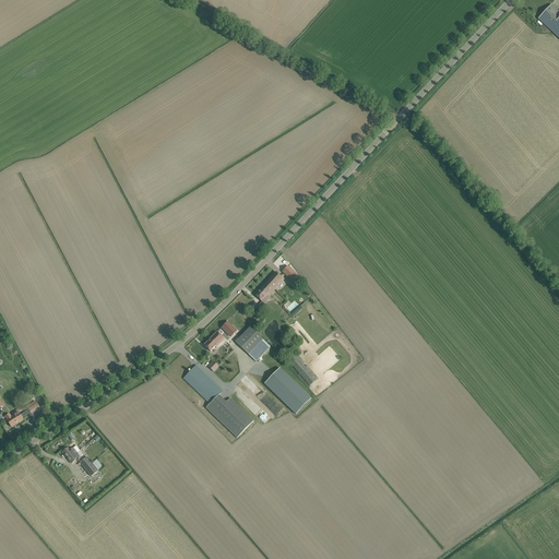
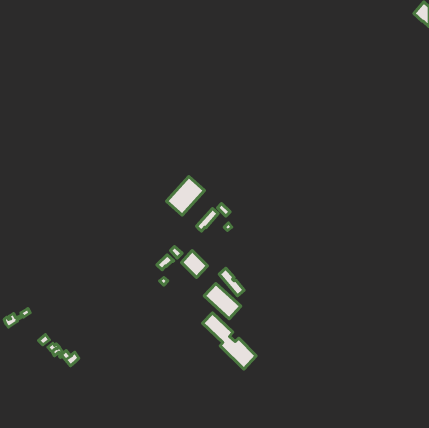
building: none -> [166,177,205,215]
building: [183,364,253,437] -> [203,313,256,369]

